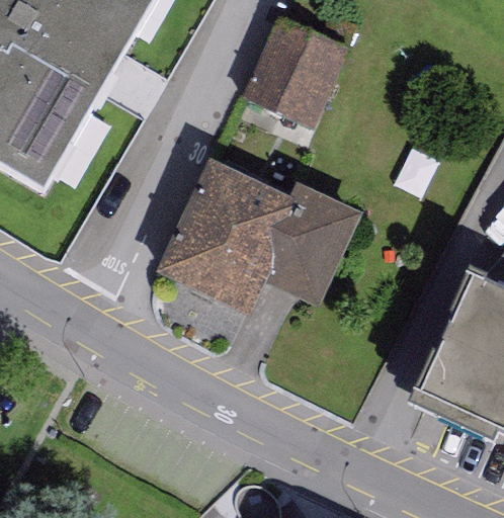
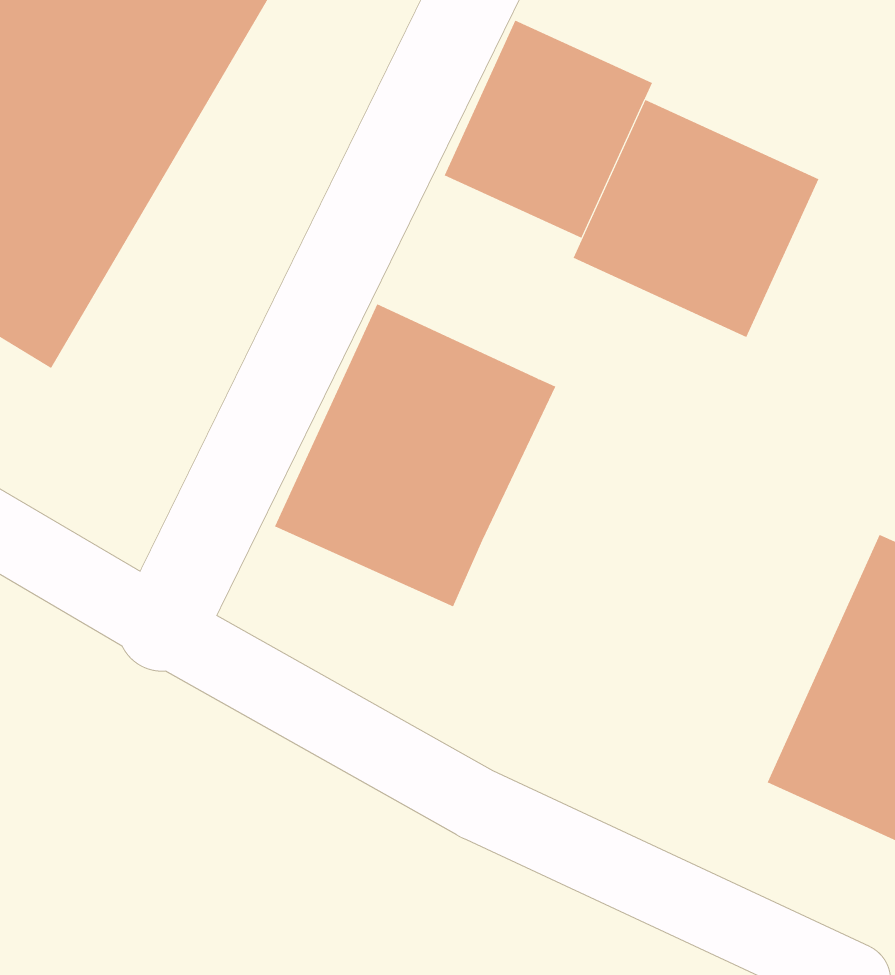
building: none -> [573,99,819,338]
building: [262,182,362,307] -> none

